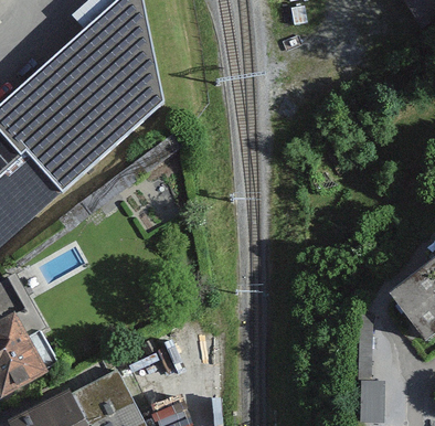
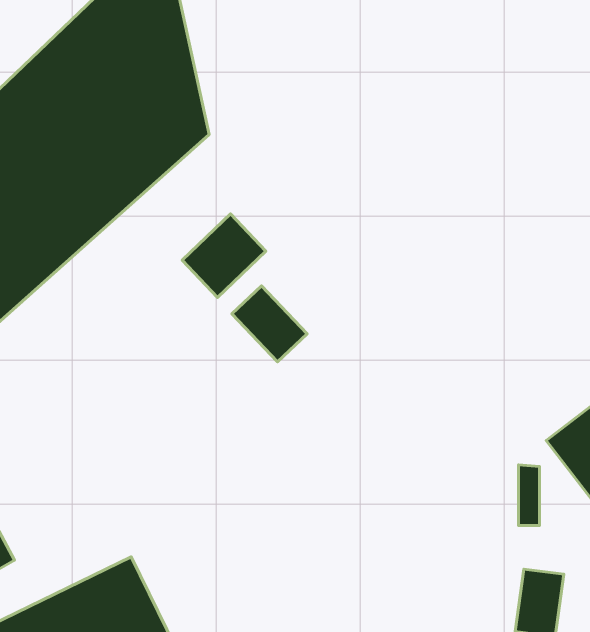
building: none -> [182,214,266,298]
building: none -> [232,286,307,362]

